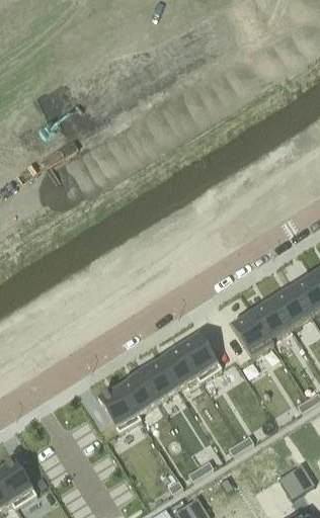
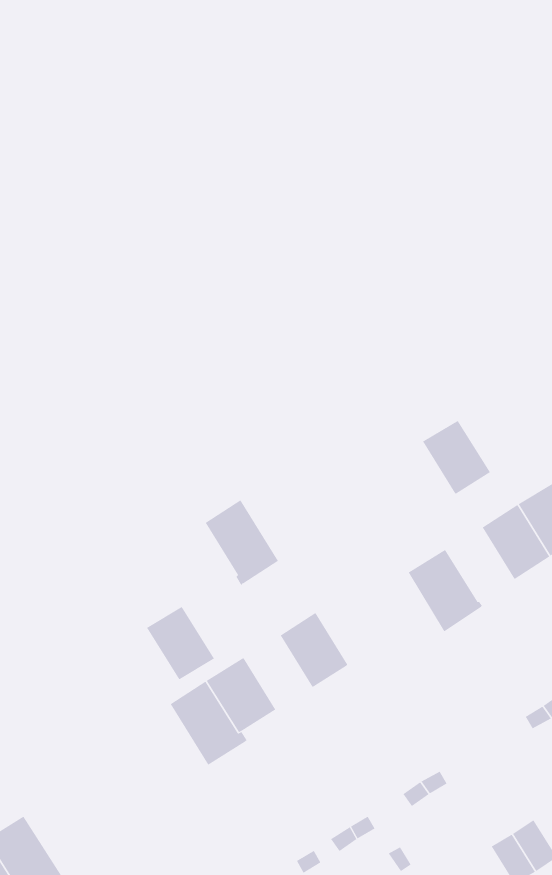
building: [252,298,291,340] -> [422,420,491,494]
building: [179,333,221,381] -> [205,499,279,586]
building: [139,359,177,401] -> [146,606,215,680]

